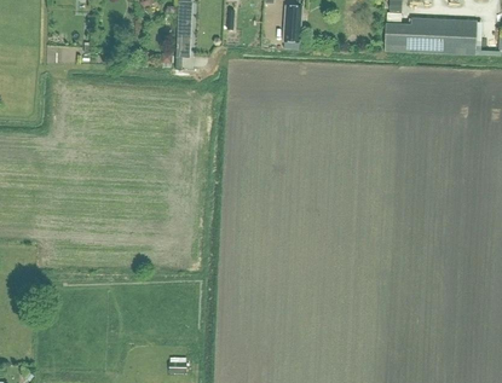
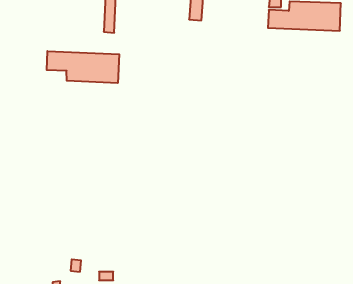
building: none -> [47,51,119,83]

